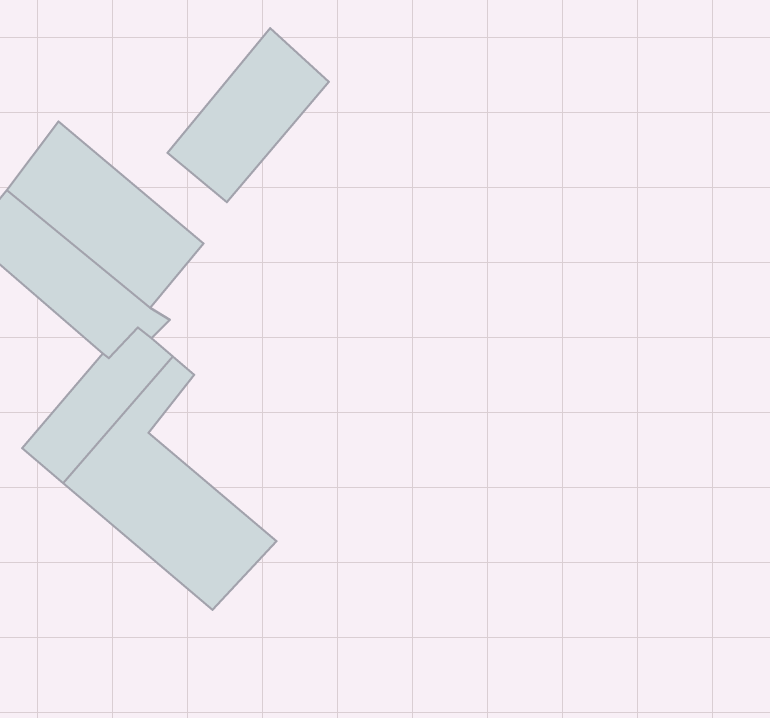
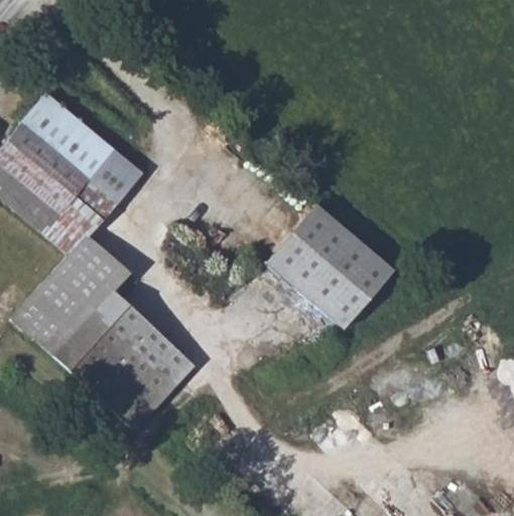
building: [168,28,329,202] -> none
building: none -> [267,205,395,329]

